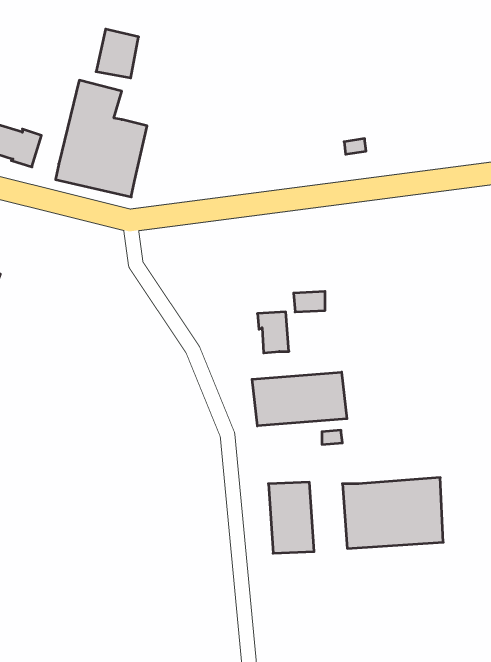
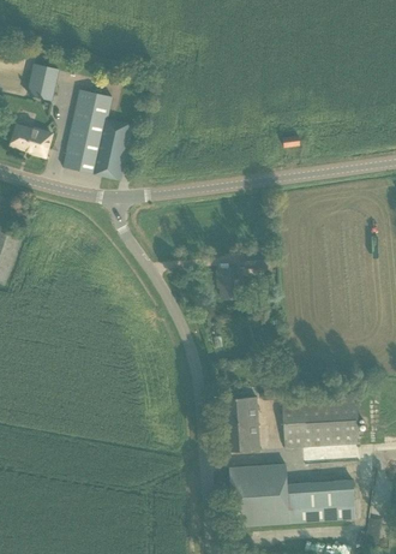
building: [96,29,139,78] -> [25,62,58,100]
building: [252,372,347,426] -> none
building: none -> [229,464,354,525]

